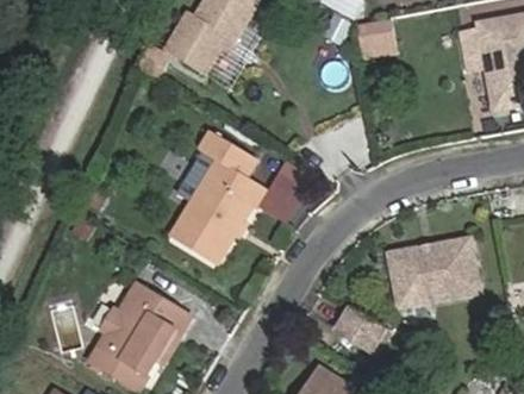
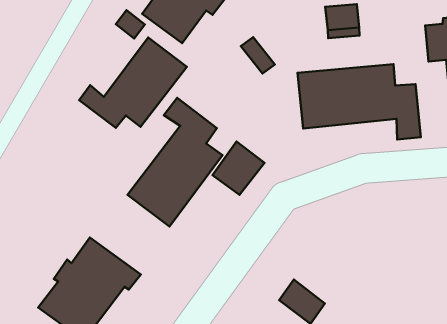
building: none -> [79,37,187,128]
building: none -> [298,64,421,140]
building: [387,238,476,306] -> none

